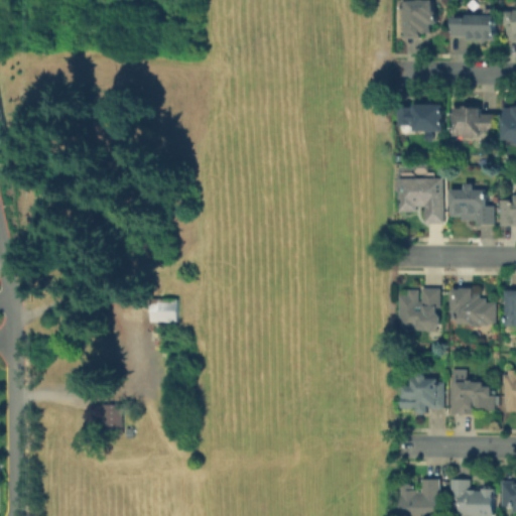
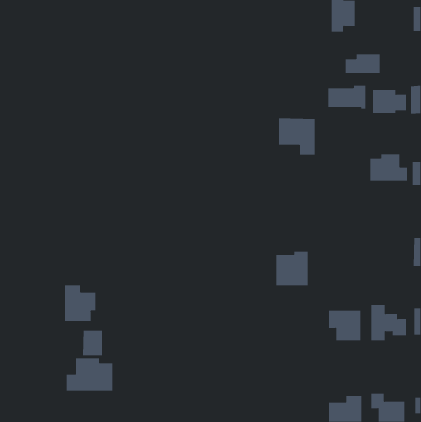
building: [453,12,496,36] -> [345,54,381,74]
building: [398,178,443,224] -> [278,118,316,155]
building: [400,289,440,332] -> [275,251,309,286]
building: [452,290,497,325] -> none
building: [149,298,177,321] -> none
building: none -> [64,285,96,322]
building: none -> [66,358,113,391]

